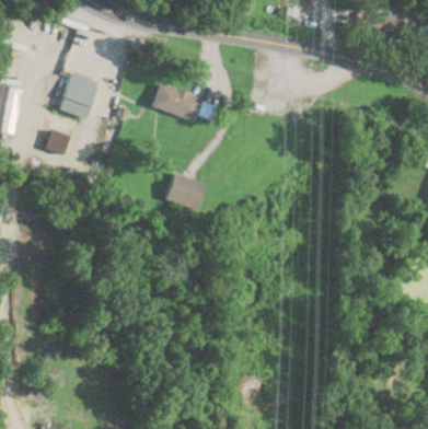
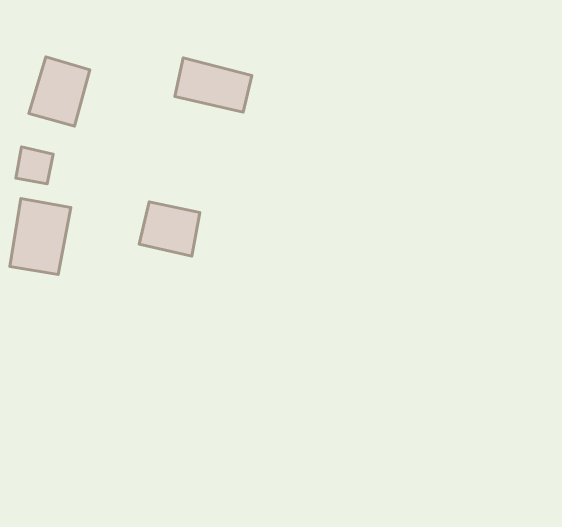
building: none -> [10,198,71,274]
building: [163,173,204,210] -> [139,202,200,256]

